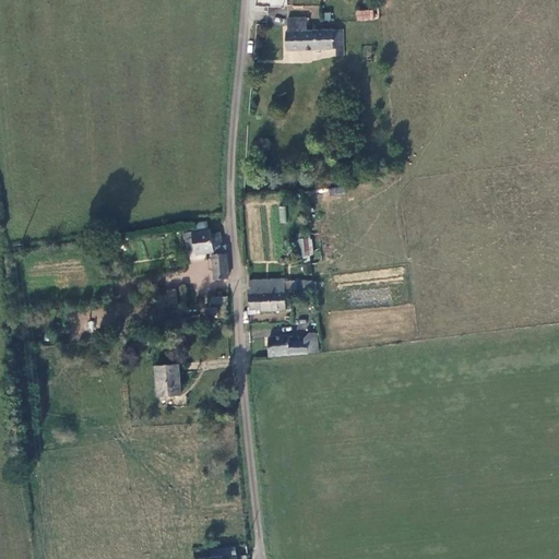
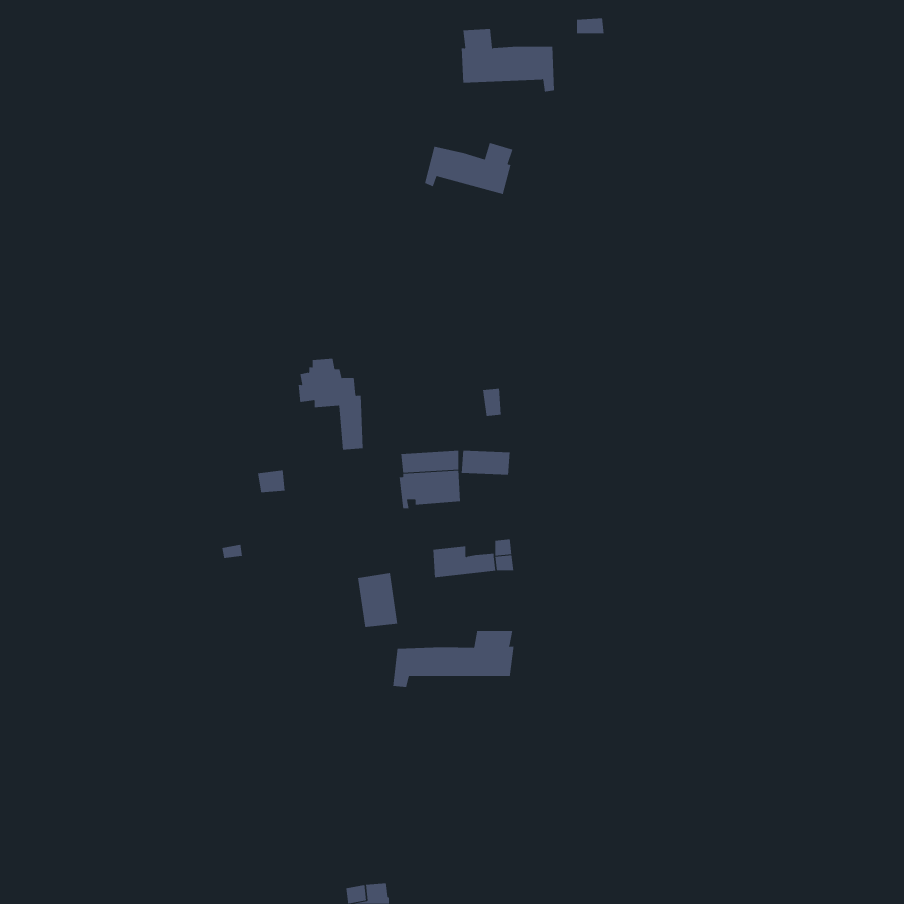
building: none -> [424,142,513,195]
building: [158,361,183,395] -> [357,572,398,627]
building: none -> [393,630,514,688]

